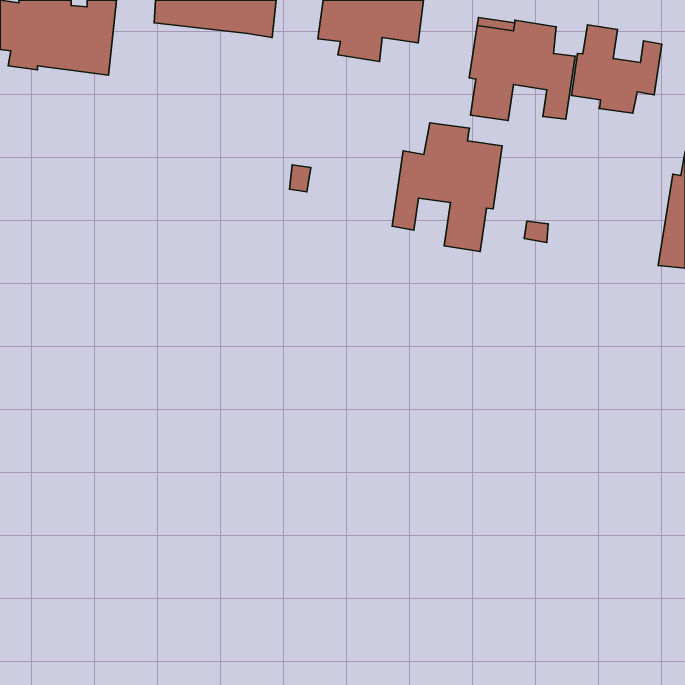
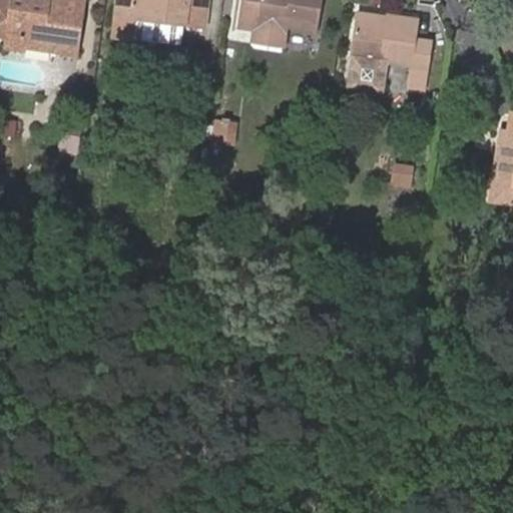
building: [571,25,662,113] -> none
building: [392,123,502,252] -> none

